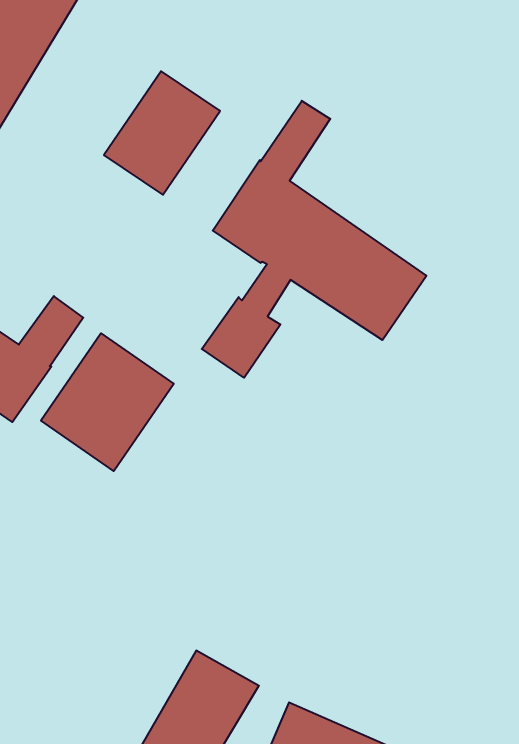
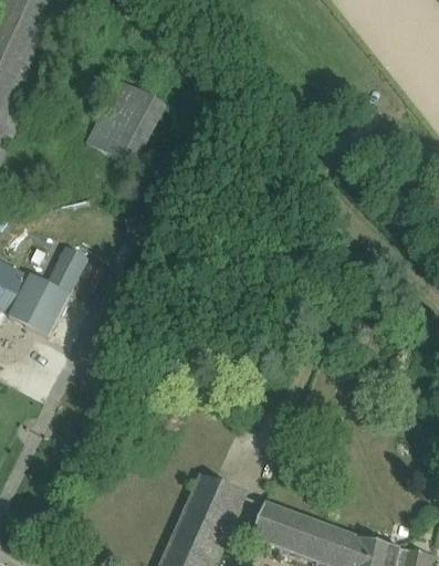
building: [202,101,426,378] -> none
building: [41,333,174,471] -> none

